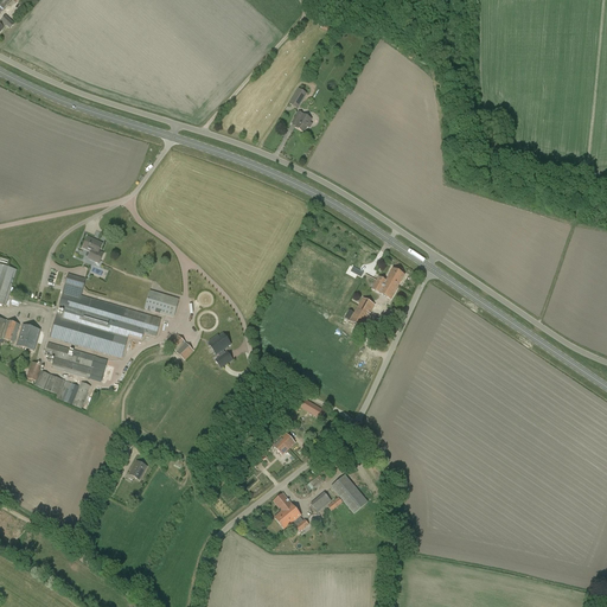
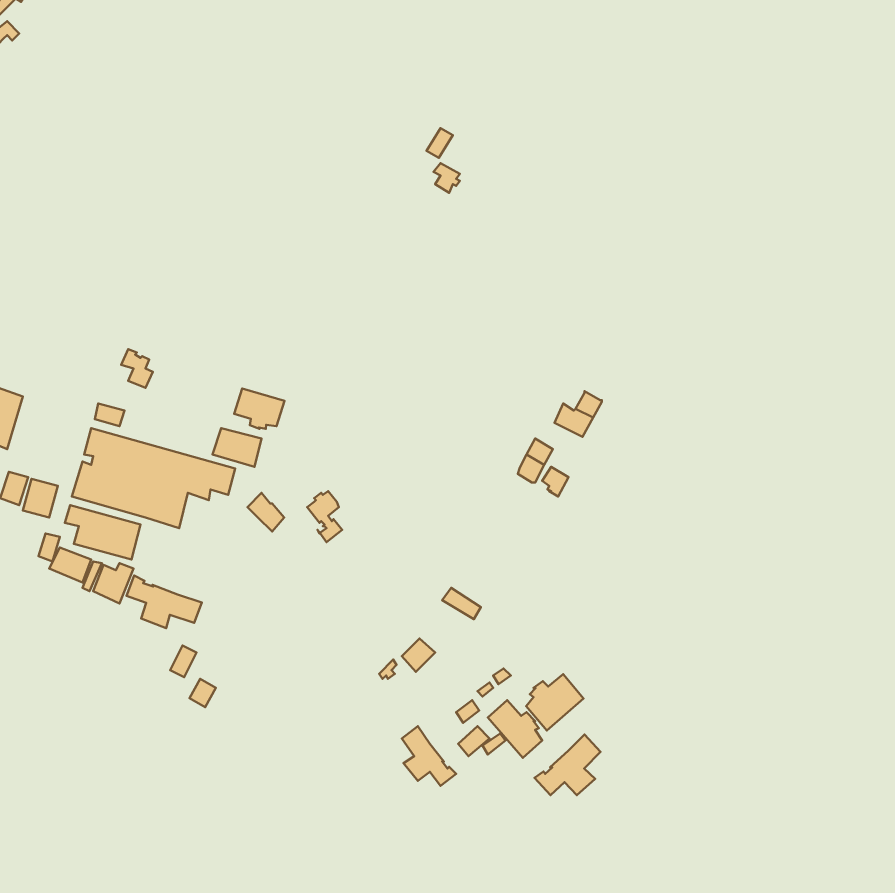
building: none -> [234,388,285,429]
building: none -> [126,575,202,628]
building: none -> [526,674,584,730]
building: none -> [535,734,600,795]

